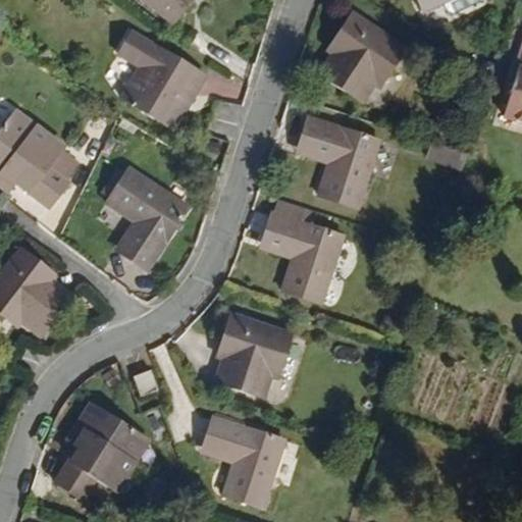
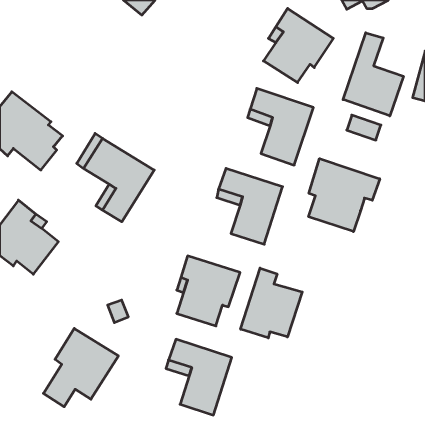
building: [114,29,203,127] -> none
building: none -> [343,33,403,116]
building: none -> [309,159,380,232]
building: none -> [241,268,302,338]

